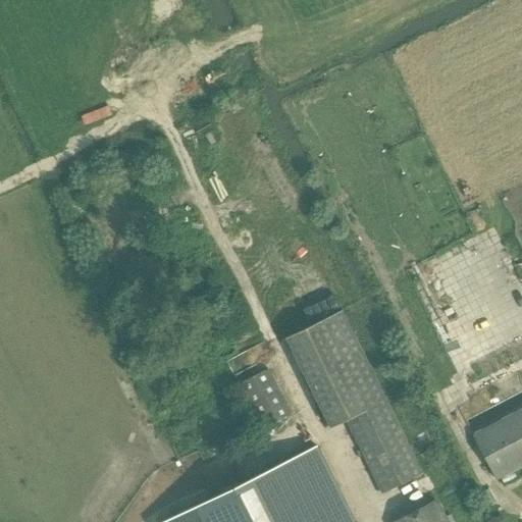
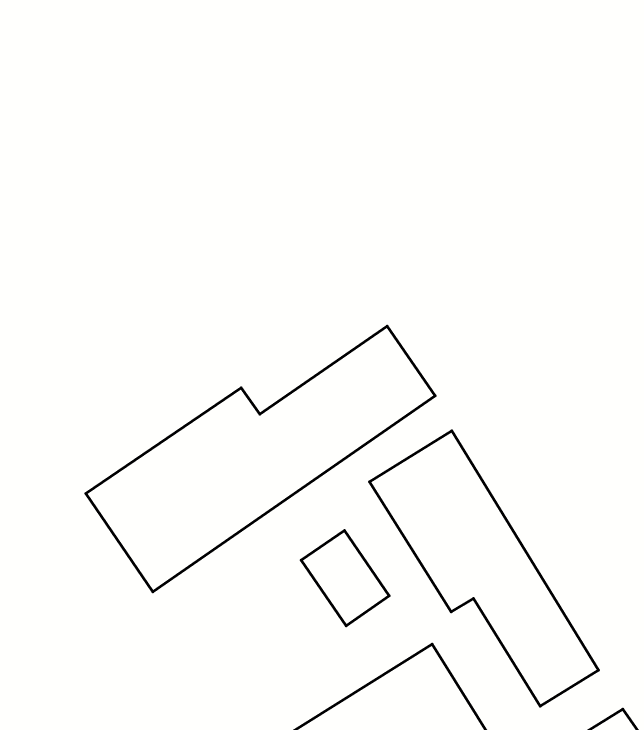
building: none -> [86,326,435,592]

